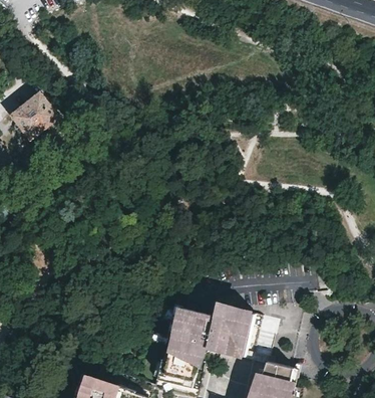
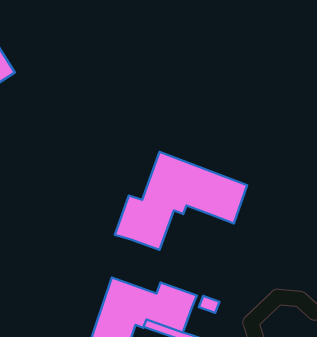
building: none -> [115,152,247,250]

